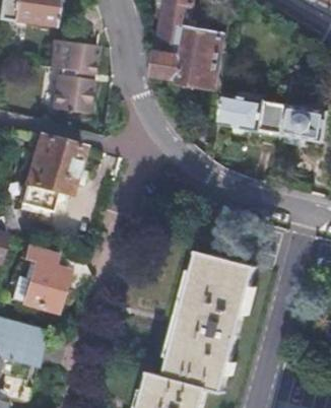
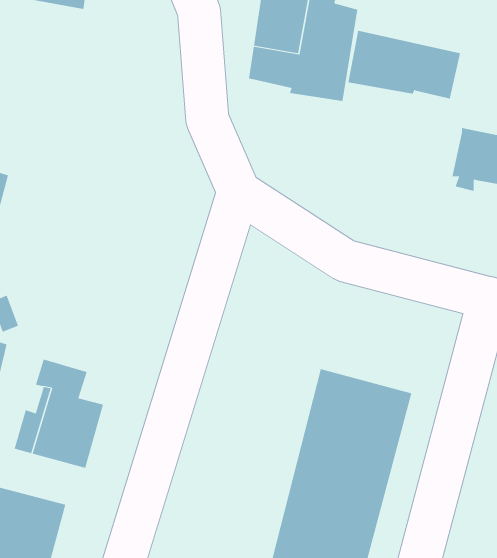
building: [47,42,93,116] -> none
building: [217,89,287,132] -> [348,30,461,99]
building: [21,137,86,209] -> none

